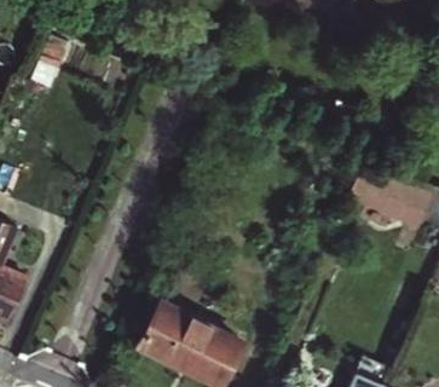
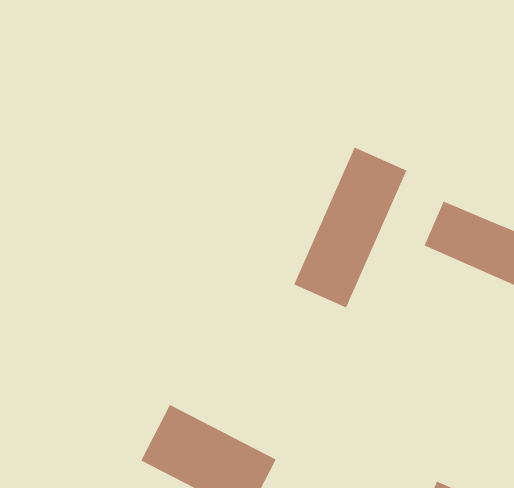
building: none -> [293,147,407,308]

